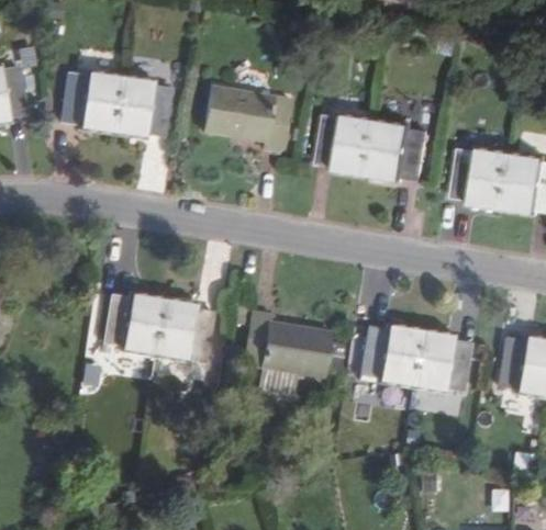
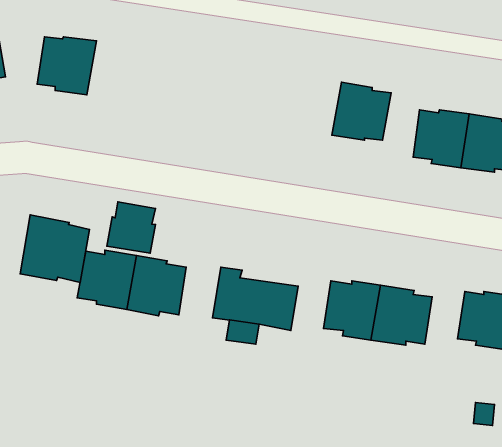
building: [111,77,170,137] -> none
building: [202,88,291,153] -> none
building: [315,114,376,174] -> none
building: none -> [107,202,155,253]
building: none -> [20,215,89,282]

